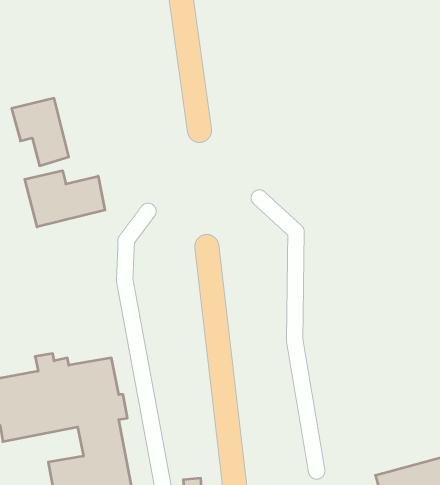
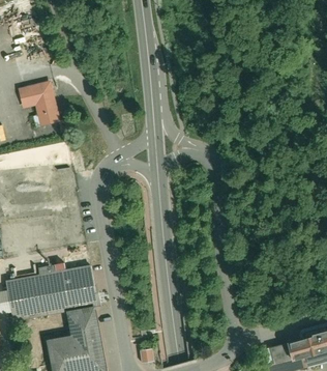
building: [25,171,105,227] -> none

